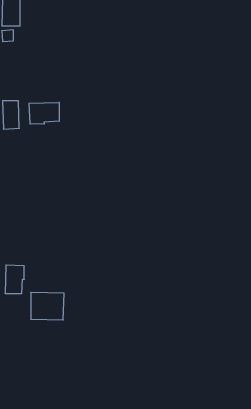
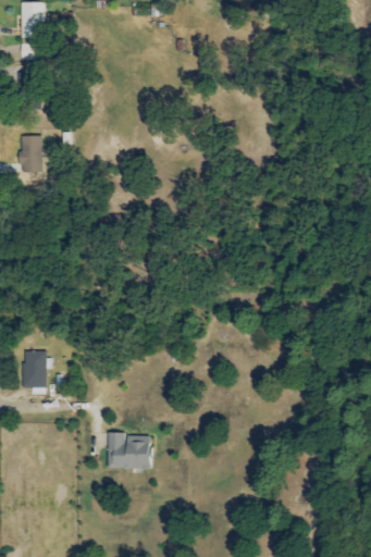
building: [29,102,59,124] -> none
building: [31,292,64,320] -> [108,433,151,469]

